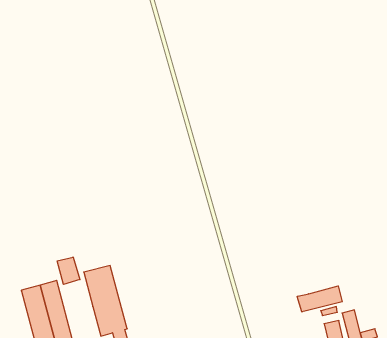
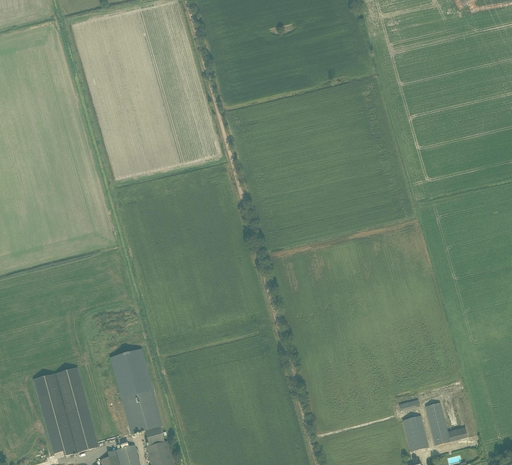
building: [57,257,80,284] -> none
building: [297,286,342,312] -> none

